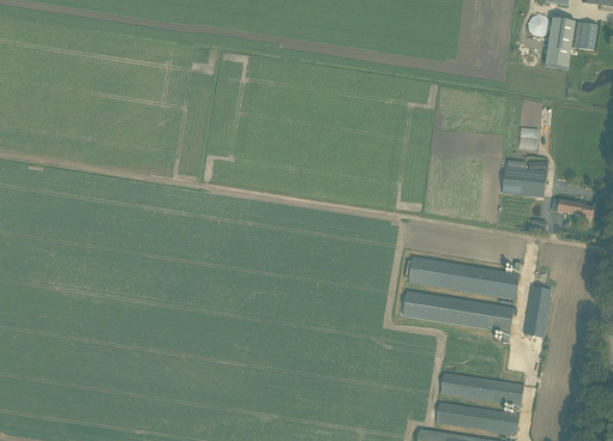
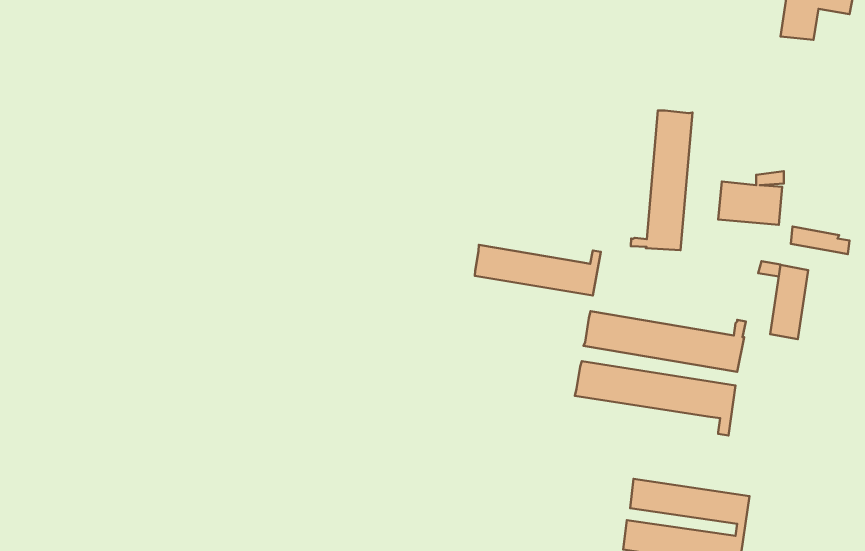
building: none -> [631,110,692,250]
building: none -> [475,245,601,296]
building: [524,286,551,338] -> [770,265,808,339]

